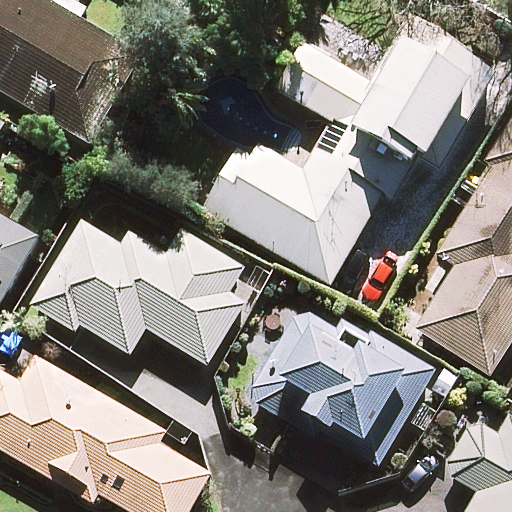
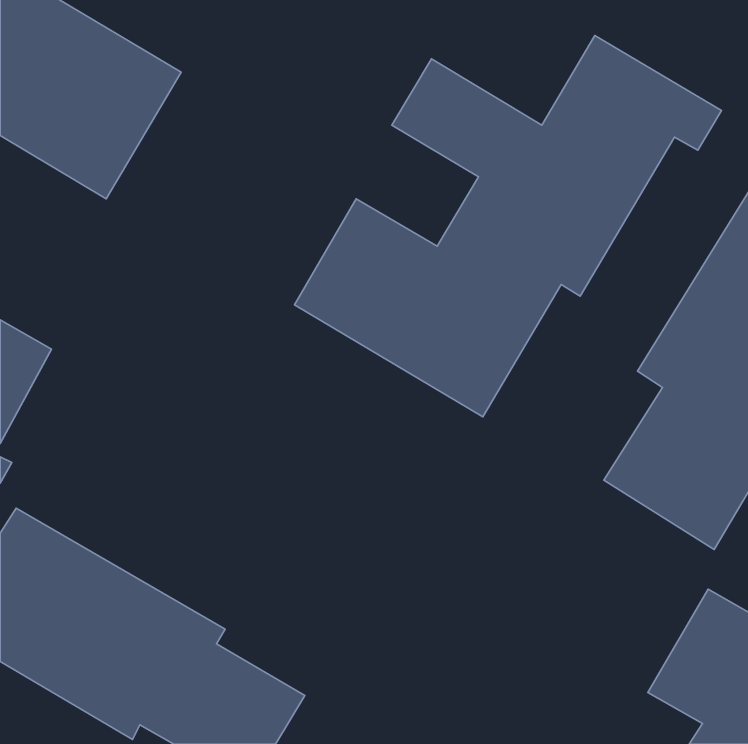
building: [32,207,245,365] -> none
building: [248,306,433,459] -> none

